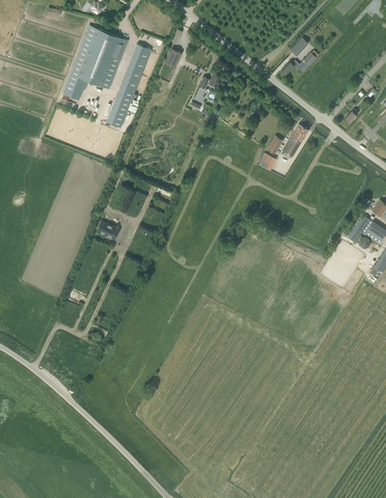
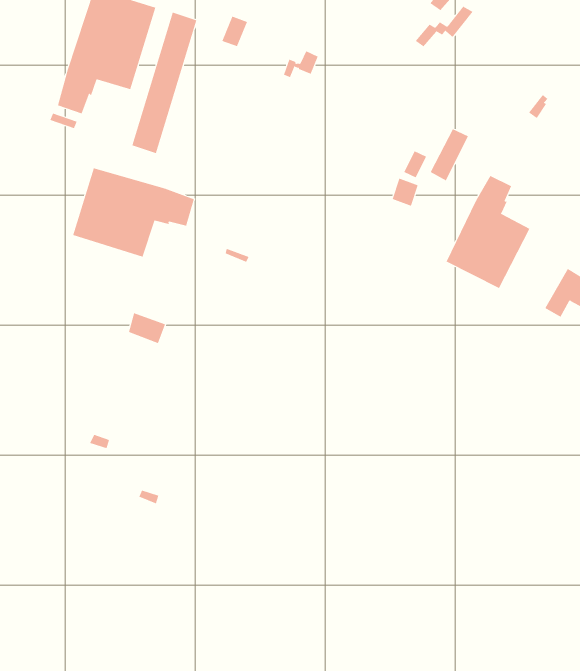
building: none -> [73,167,194,258]
building: none -> [446,175,530,289]

